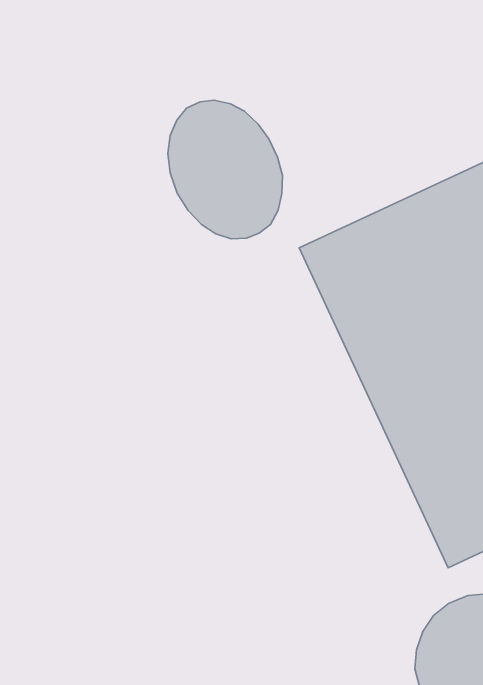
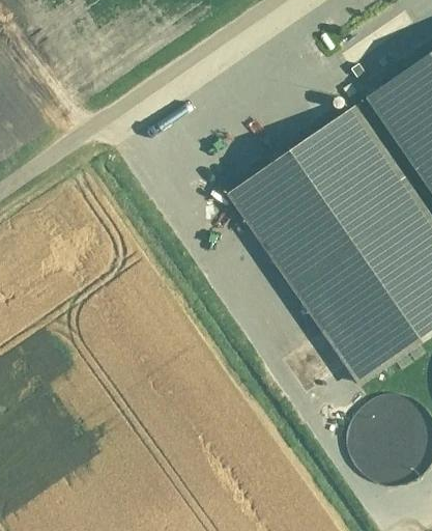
building: [168,100,282,239] -> none

